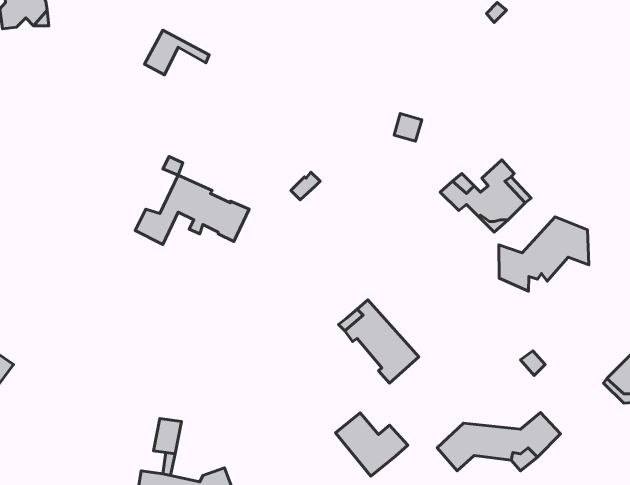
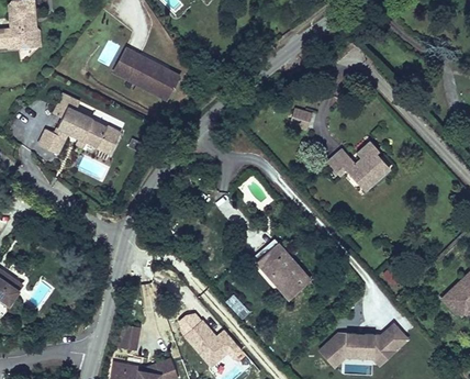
building: none -> [128,59,180,100]
building: [135,175,249,244] -> [37,108,119,157]
building: [499,217,589,291] -> none
building: [336,413,408,476] -> [187,320,238,365]

